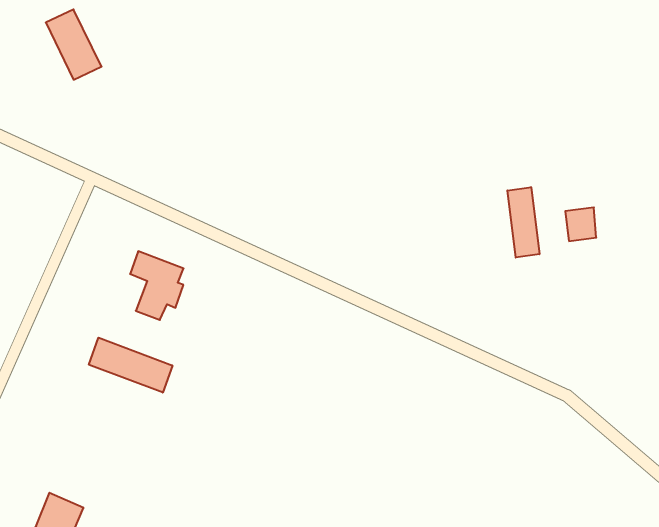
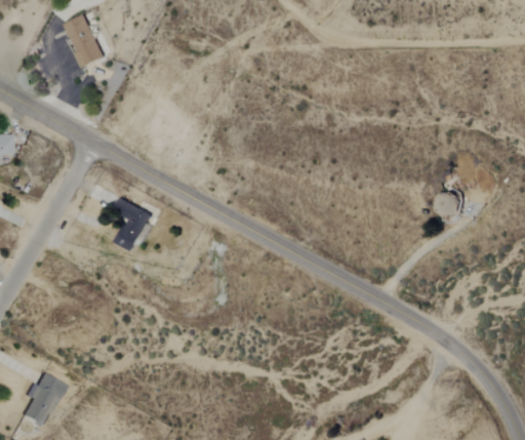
building: [507,187,539,258] -> none
building: [89,338,172,393] -> none

